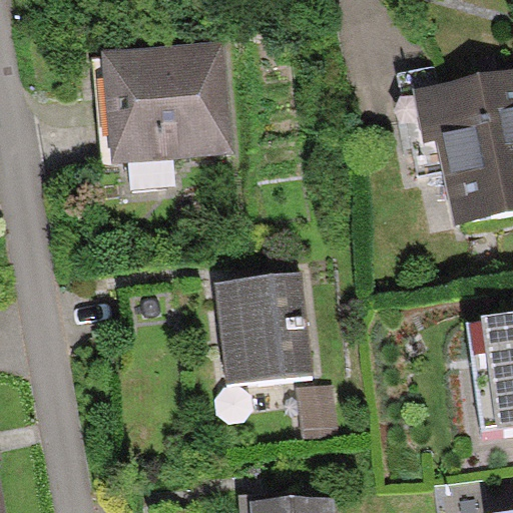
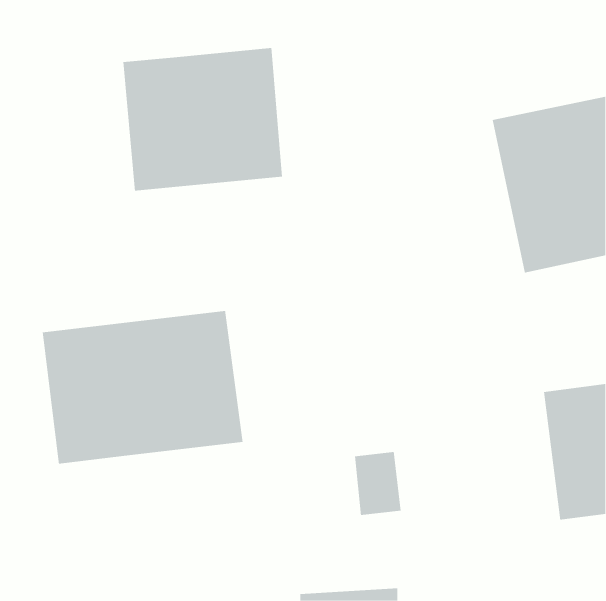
building: none -> [42,310,243,465]
building: [217,272,315,382] -> none

